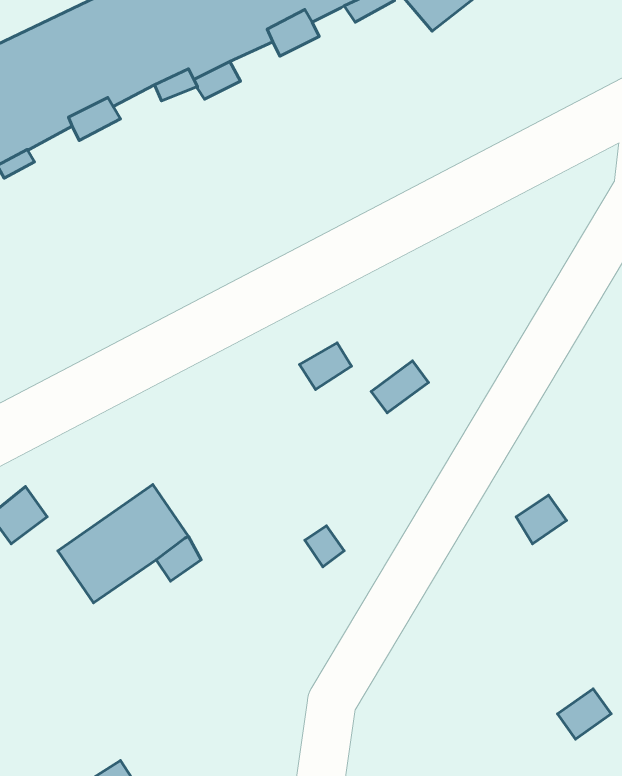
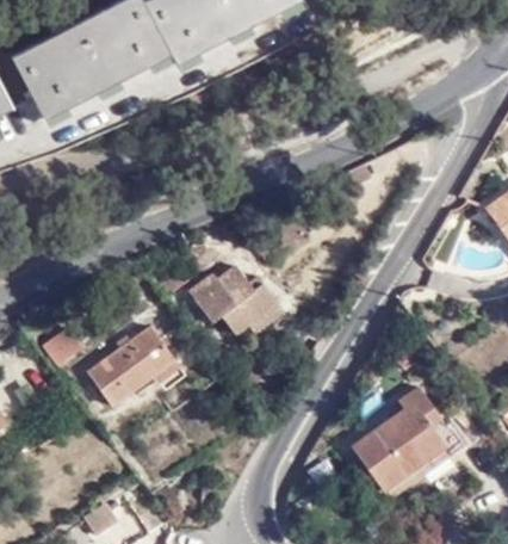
building: none -> [192,264,281,332]
building: none -> [347,379,450,497]

